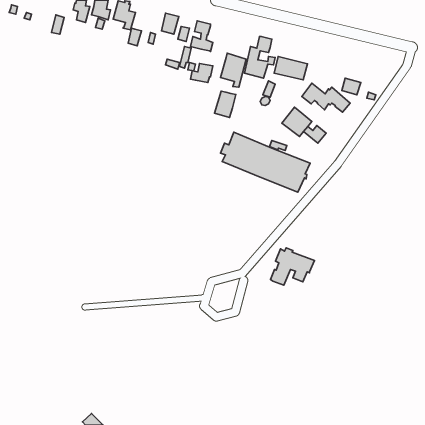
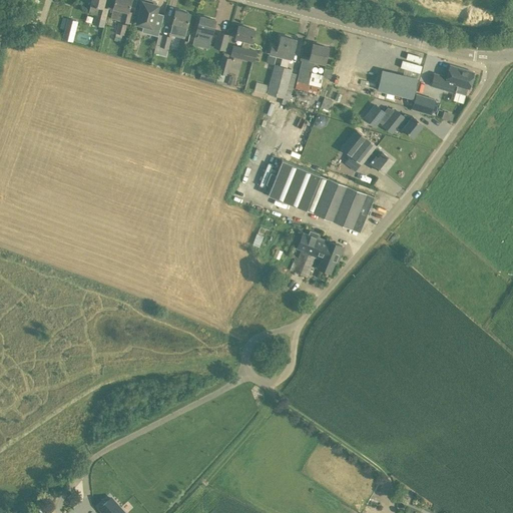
building: none -> [168,10,189,37]
building: none -> [430,65,473,94]
building: [274,56,307,80] -> [377,70,417,98]
building: [190,63,213,82] -> [269,36,296,59]
building: [215,91,236,117] -> none
building: [270,248,315,285] -> [291,231,344,277]

